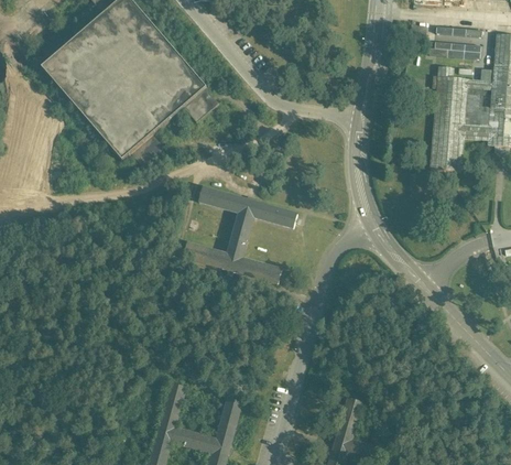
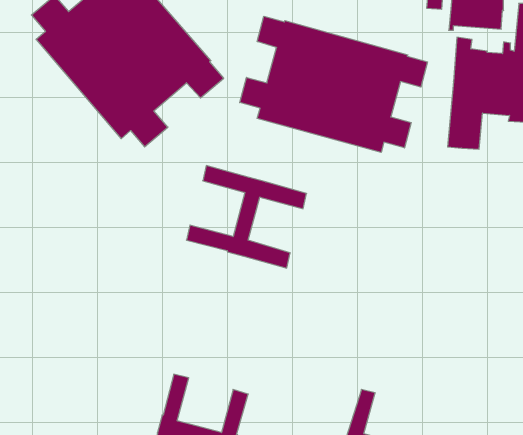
building: none -> [240,16,428,152]

